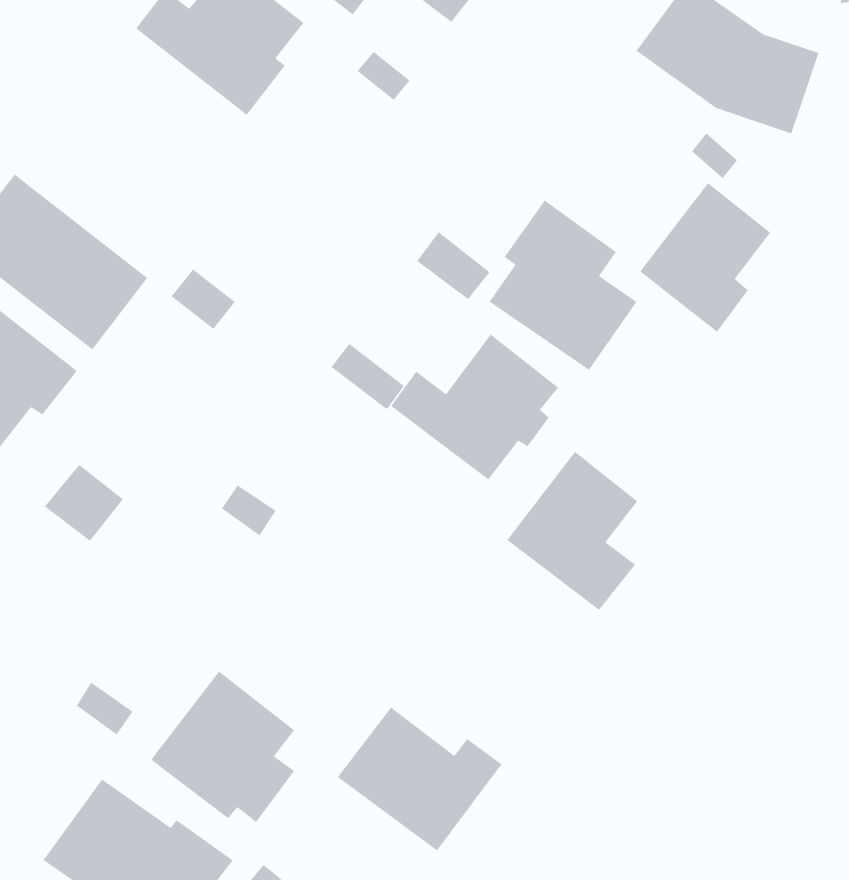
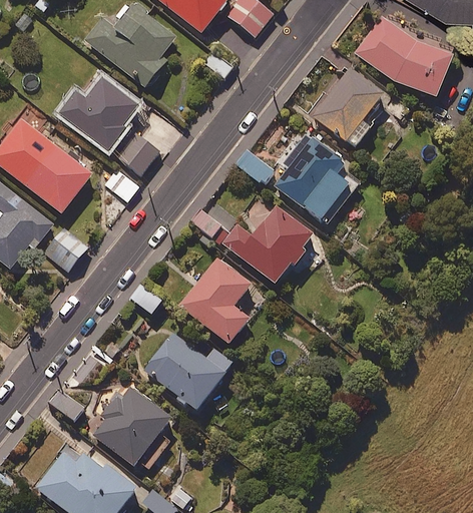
building: none -> [59,78,137,150]
building: [639,182,771,333] -> [312,66,383,147]
building: none -> [115,133,158,176]
building: [506,451,638,611] -> [179,256,251,343]
building: [44,464,124,542] -> [42,229,85,272]
building: [337,706,502,852] -> [143,331,232,409]

